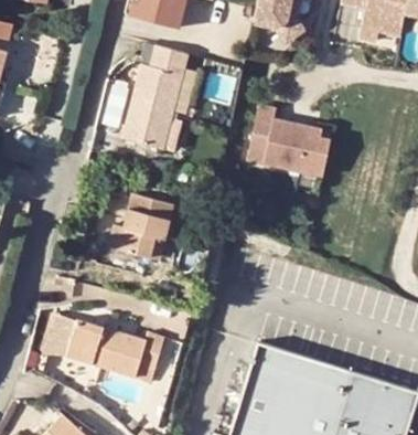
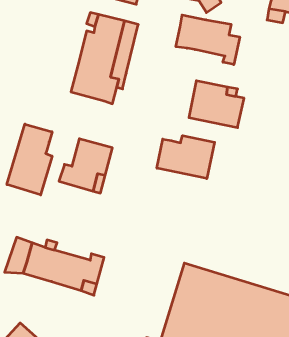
building: none -> [176,15,240,65]
building: none -> [7,124,52,195]
building: none -> [157,136,215,179]

